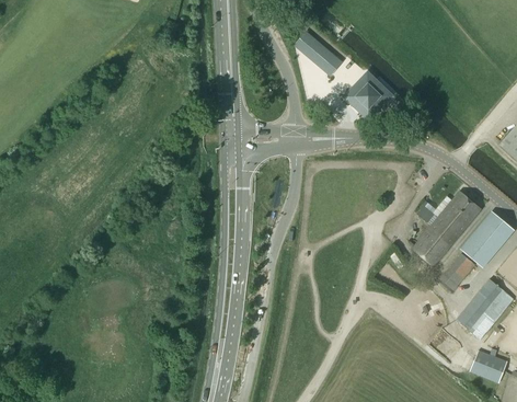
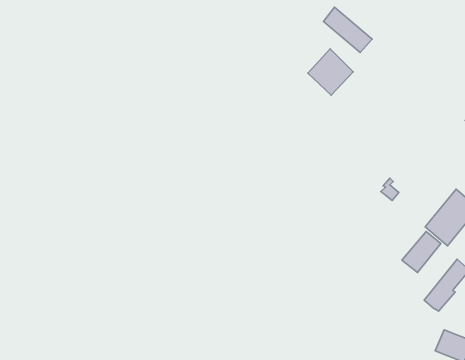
building: [294,30,342,74] -> [324,7,372,53]
building: [413,192,480,264] -> none

